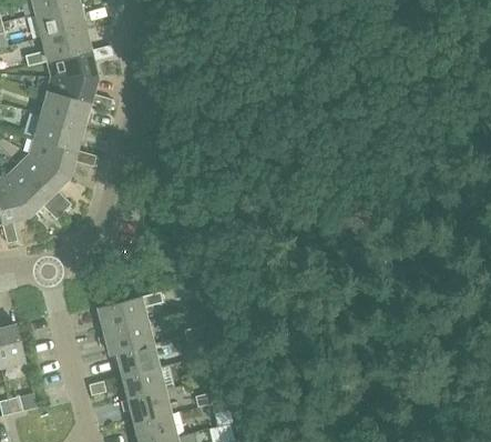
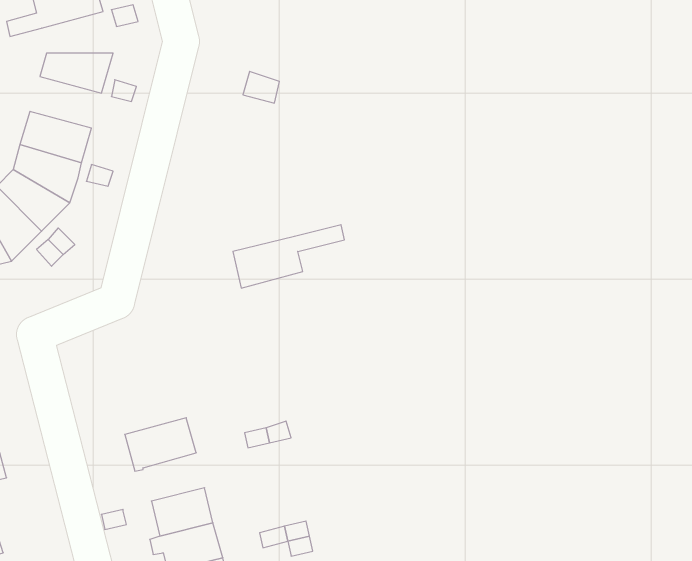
building: [49,49,96,77] -> none
building: [41,92,89,127] -> none
building: [99,289,173,331] -> [233,225,344,288]
building: [116,343,157,375] -> none

